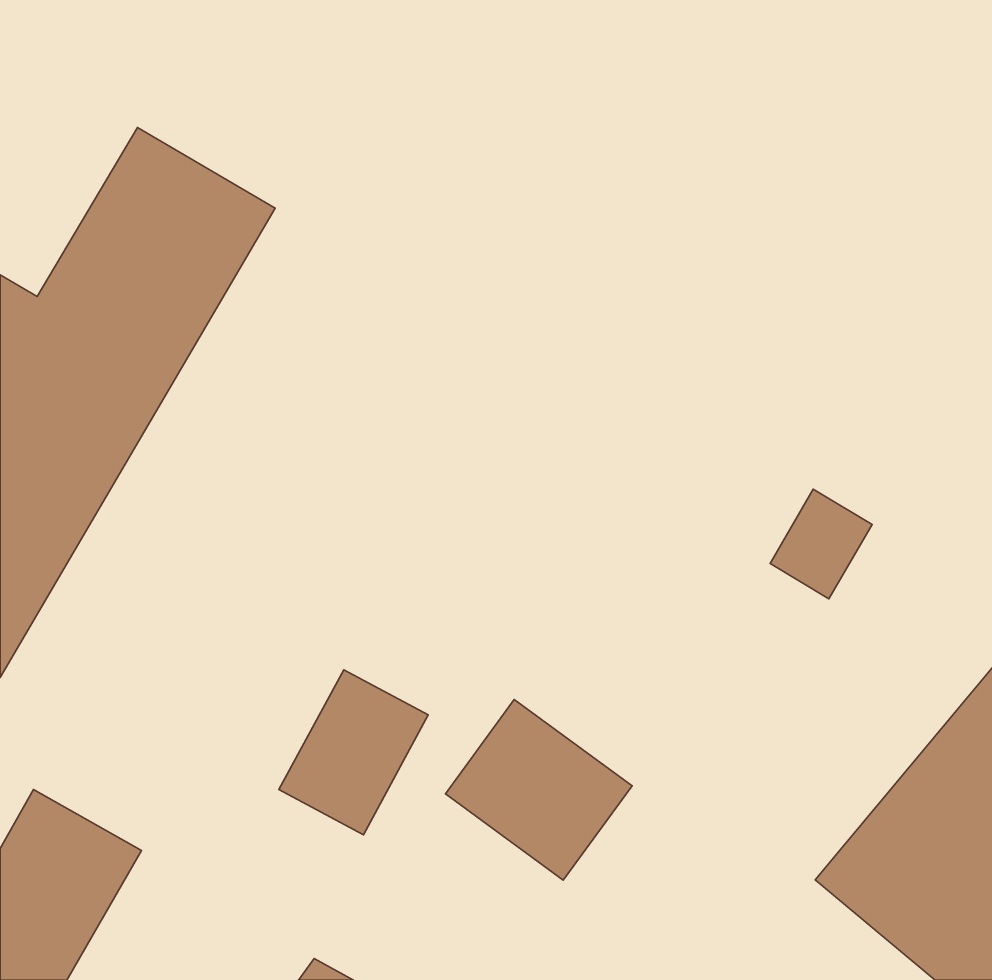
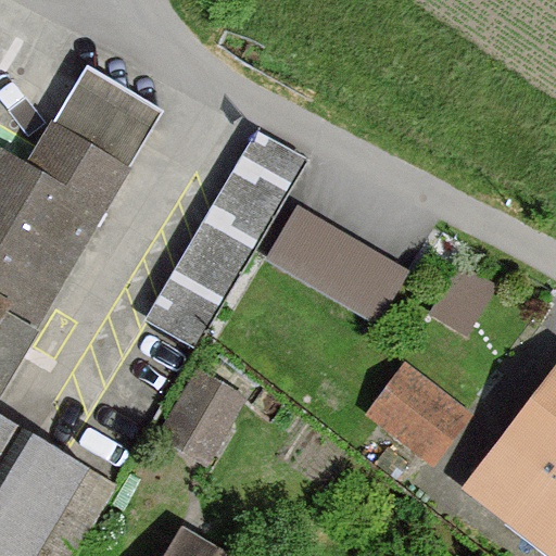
building: none -> [154,125,306,334]
building: none -> [263,206,402,318]
building: [445,699,632,880] -> [362,365,465,465]

